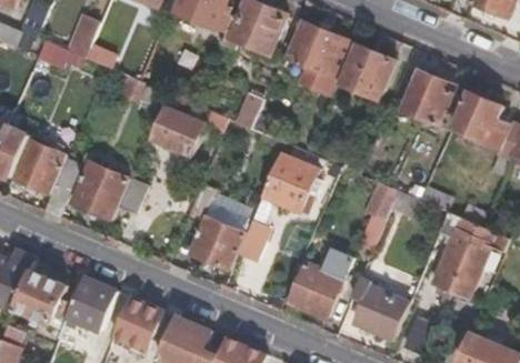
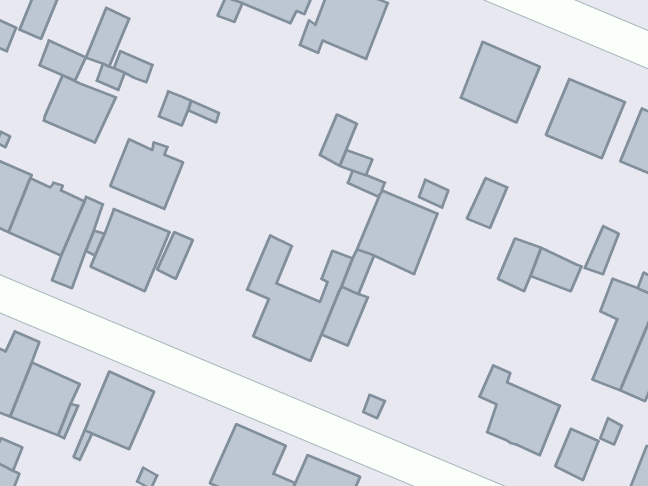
building: [287,22,352,95] -> none
building: none -> [44,75,116,143]
building: [152,108,204,158] -> [110,139,183,209]
building: [290,250,352,320] -> none
building: [112,298,163,354] -> none

